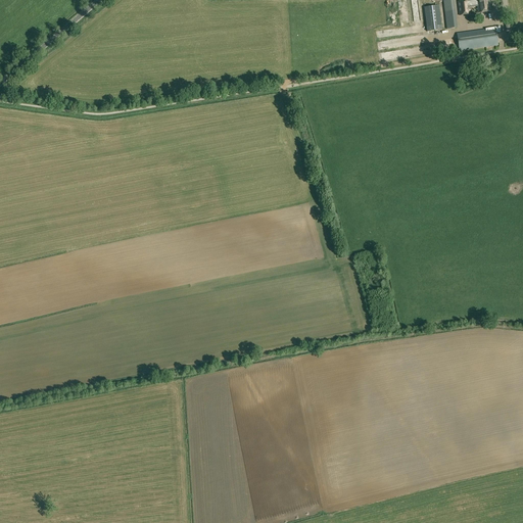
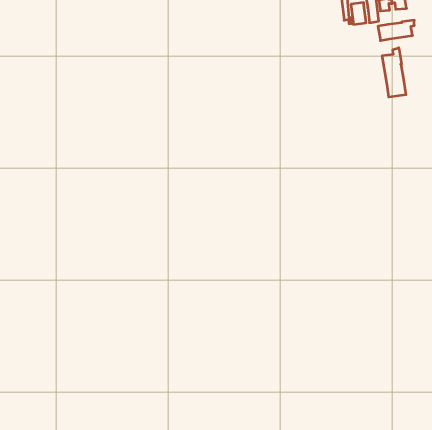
building: none -> [382,48,406,97]

